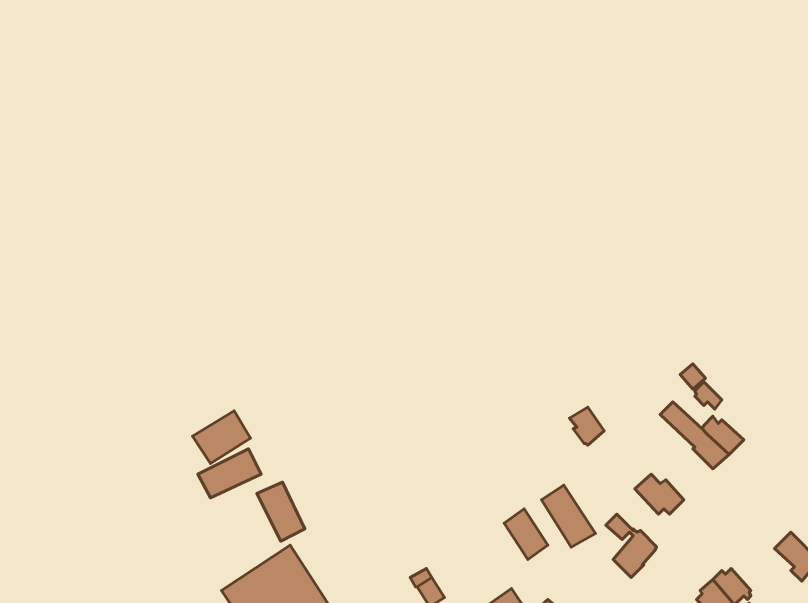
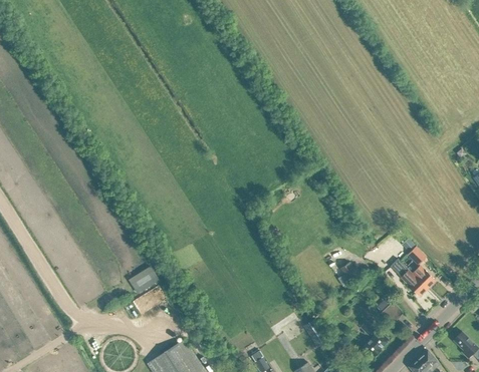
building: [257,482,305,541] -> none
building: [541,485,595,547] -> none

